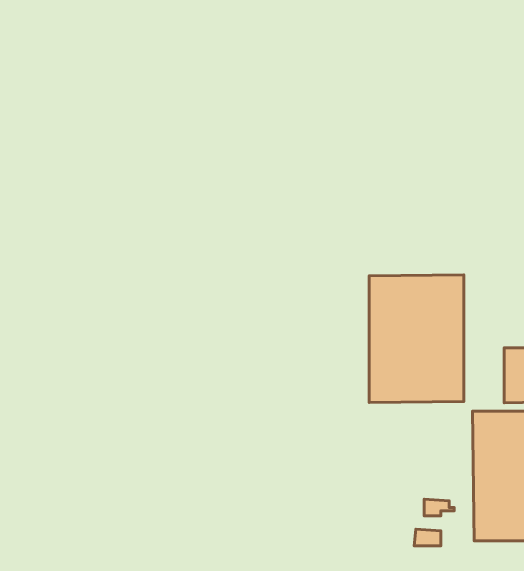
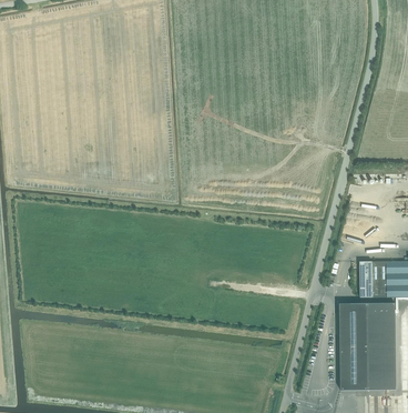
building: [369,275,464,402] -> none

